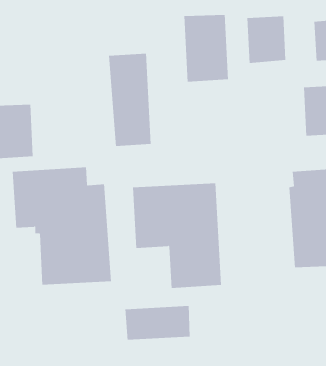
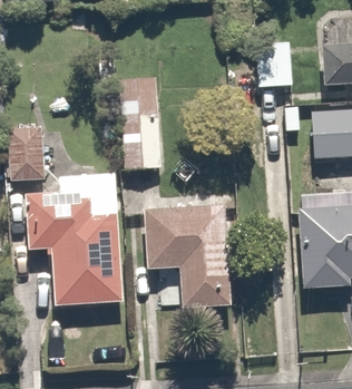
building: [184,14,229,83] -> none
building: [125,305,190,341] -> none

